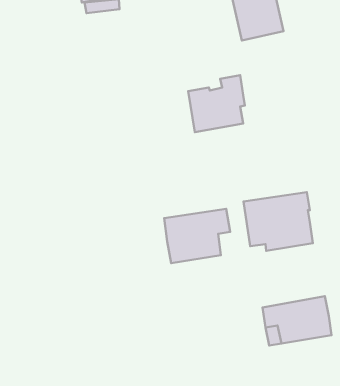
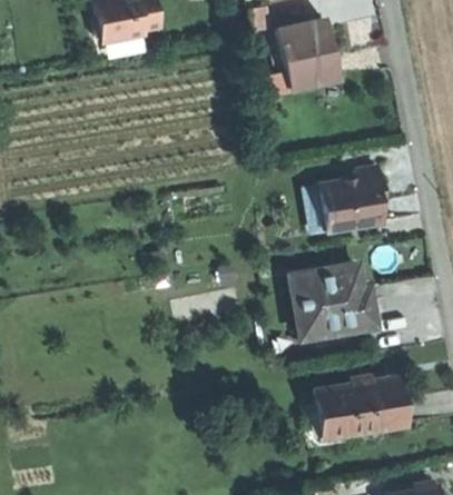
building: [188,75,245,132] -> [319,162,386,229]
building: [164,209,230,263] -> none

